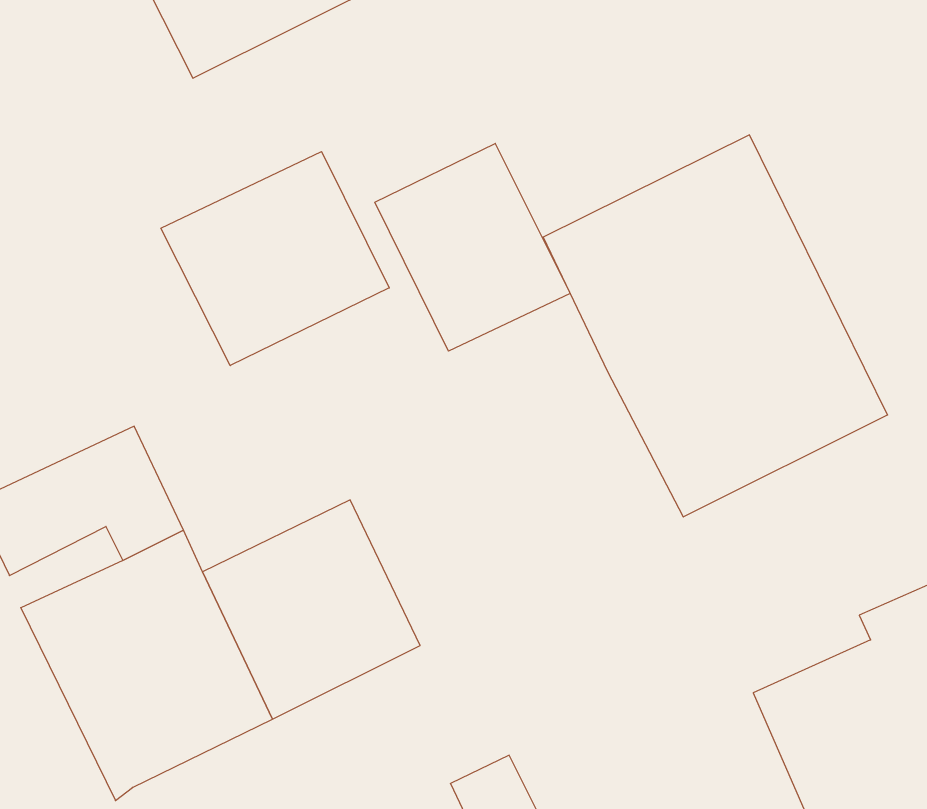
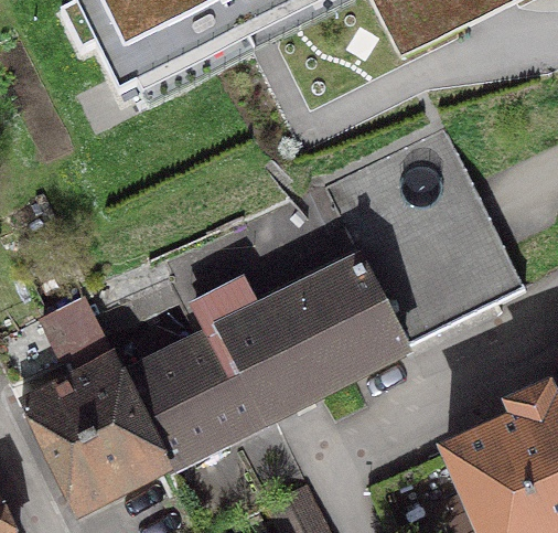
building: [375,143,570,351] -> none
building: [161,152,389,366] -> none
building: none -> [195,259,405,419]

